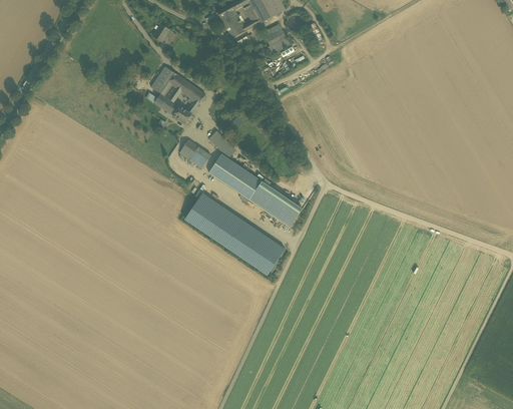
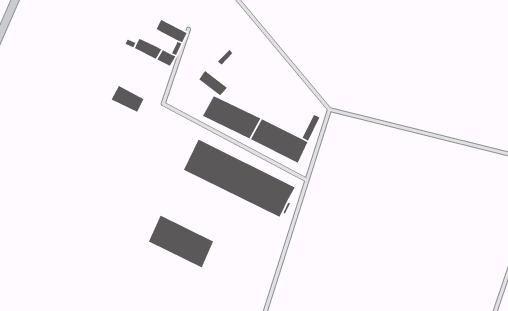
building: [151,66,182,102] -> none
building: [179,139,210,167] -> [111,85,144,113]
building: none -> [148,214,214,268]

